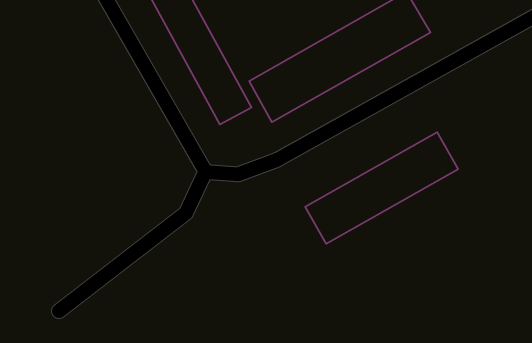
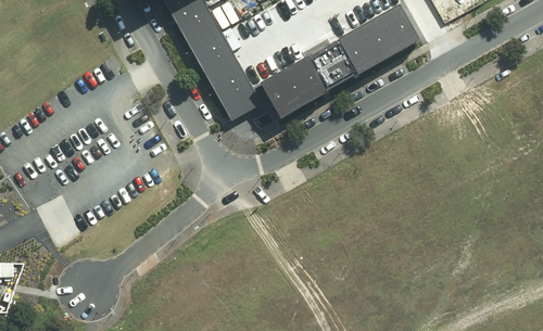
building: [305,132,458,244] -> none

